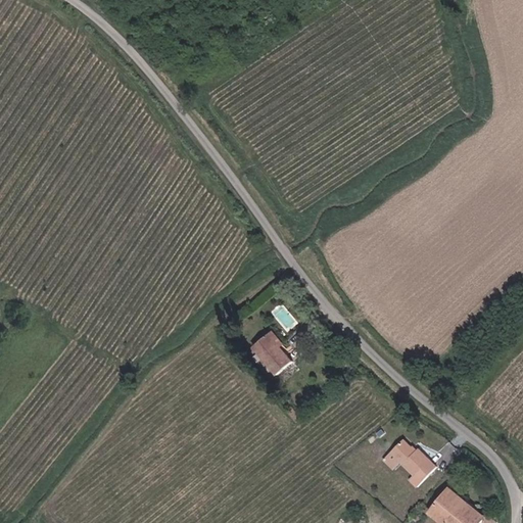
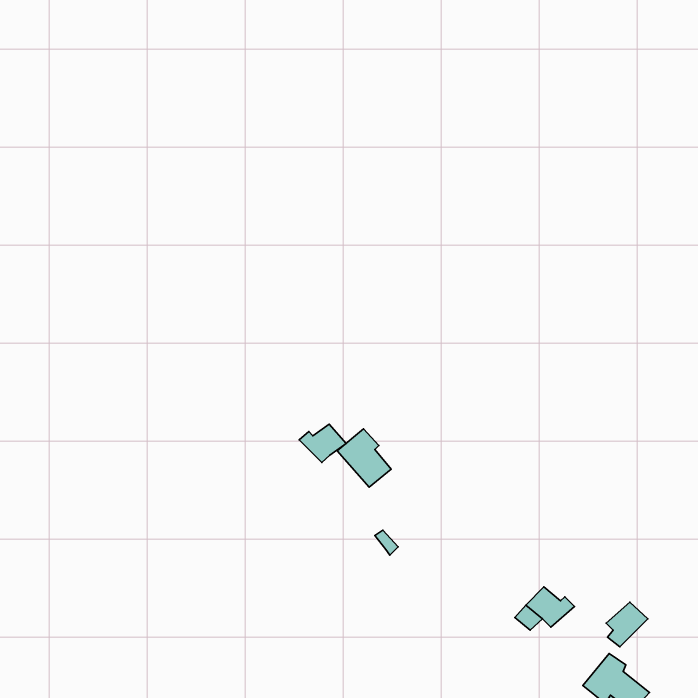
building: none -> [299,424,346,462]
building: [406,455,436,487] -> [606,602,648,647]

